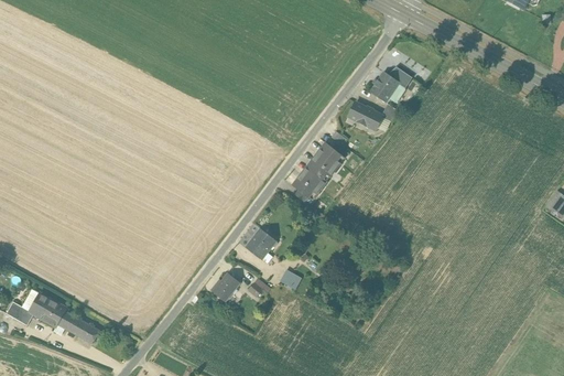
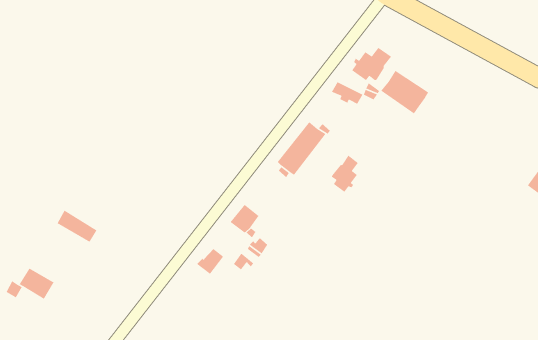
building: none -> [380,70,429,114]
building: none -> [331,155,359,193]
building: [57,310,99,344] -> [57,210,97,243]

